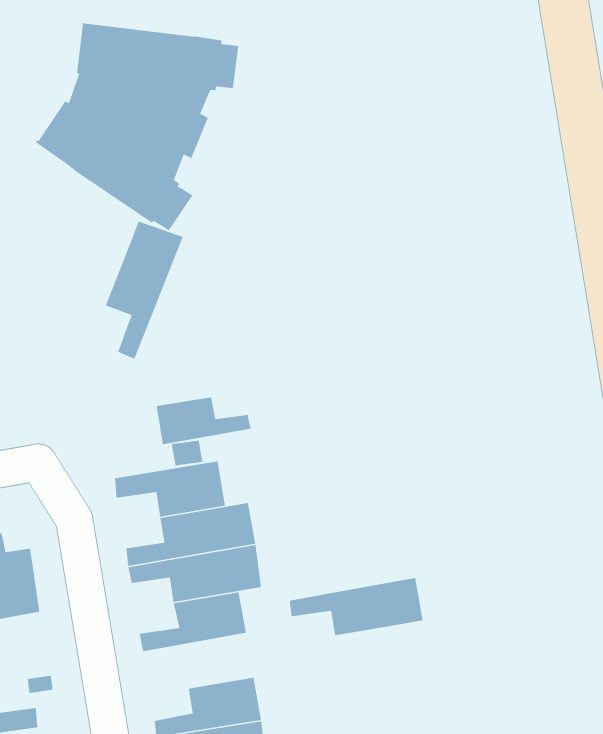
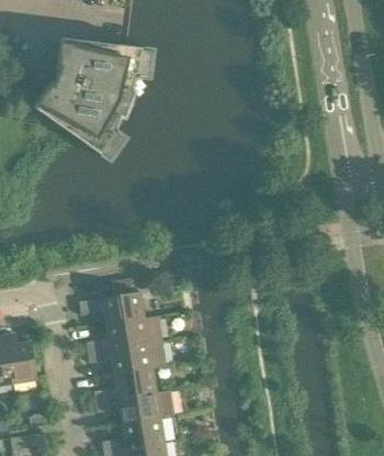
building: [105,220,184,360] -> none
building: [156,396,251,445] -> none
building: [289,577,423,636] -> [97,390,174,424]

